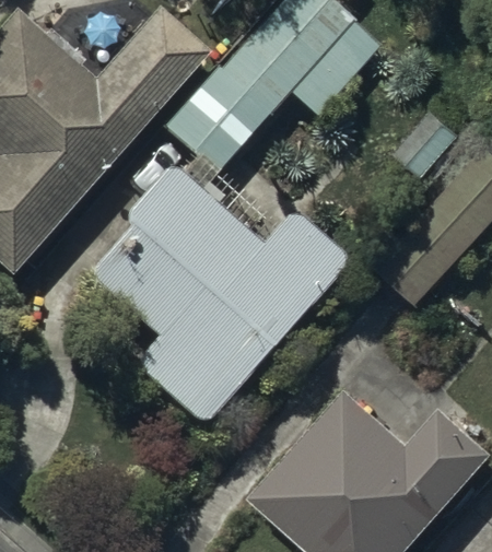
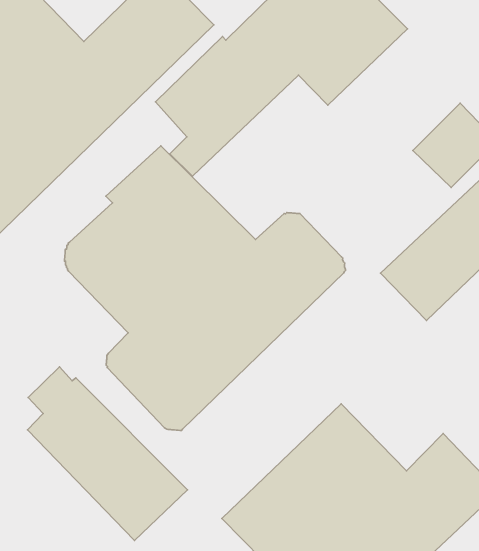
building: none -> [27,367,188,541]

